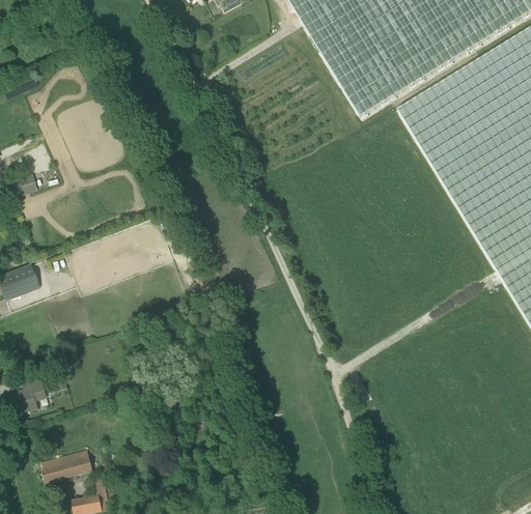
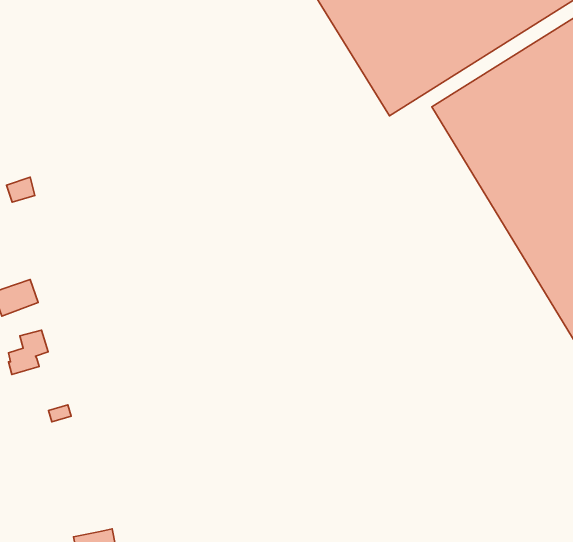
building: [11,376,48,417] -> [8,330,48,374]
building: [41,450,93,484] -> none

